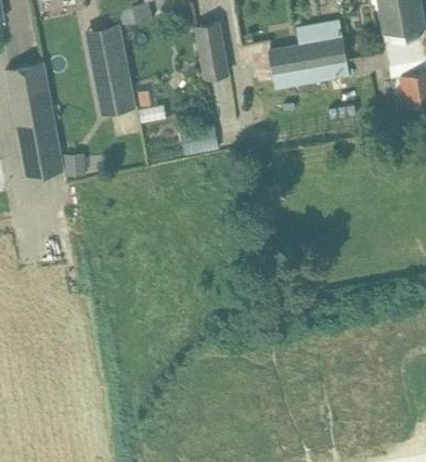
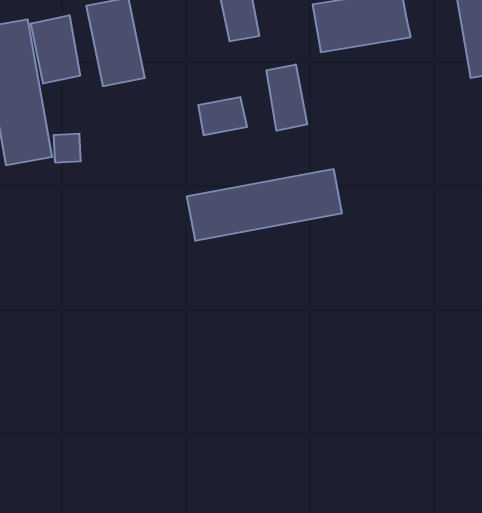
building: none -> [31,15,80,84]
building: none -> [266,64,307,131]
building: none -> [187,169,342,241]

